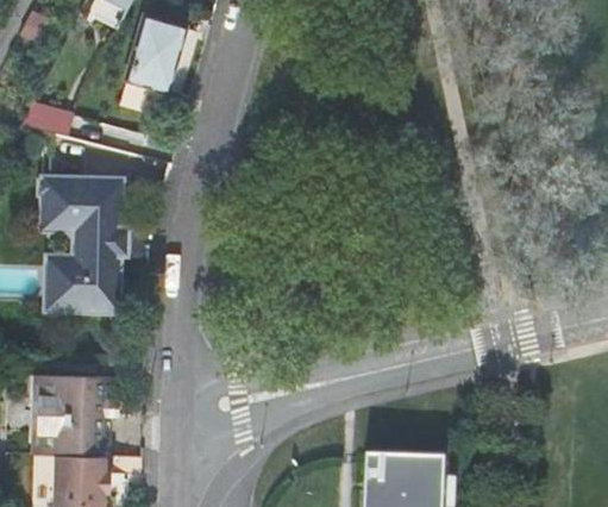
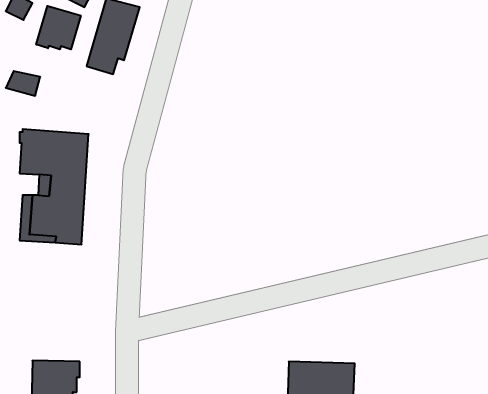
building: none -> [36,6,81,49]
building: [39,377,115,456] -> none

